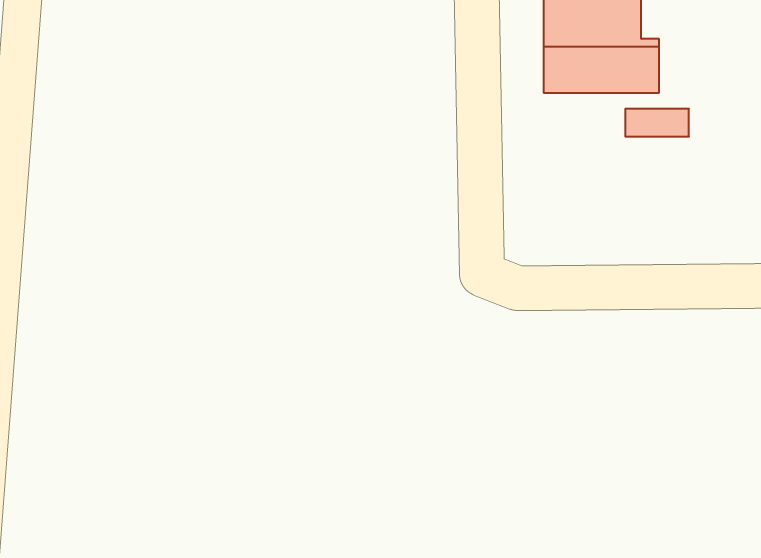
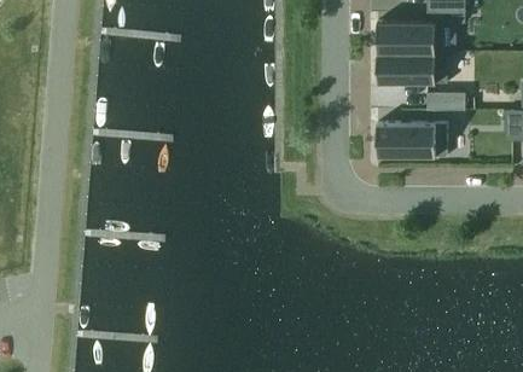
building: none -> [377,124,447,158]

